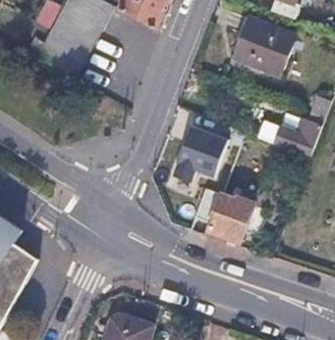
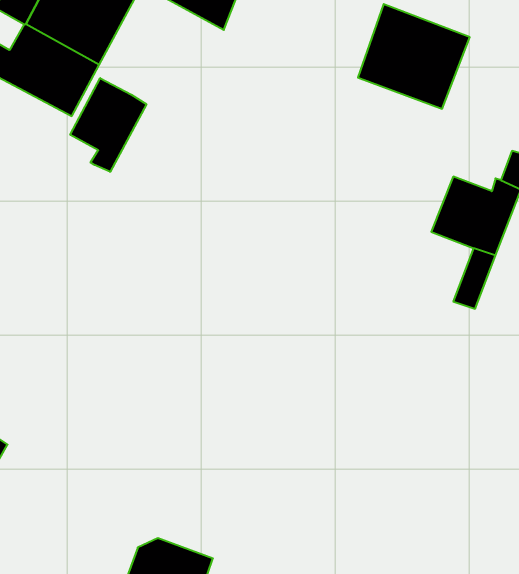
building: none -> [70,78,146,172]
building: [171,125,227,183] -> none
building: [193,187,255,239] -> none

